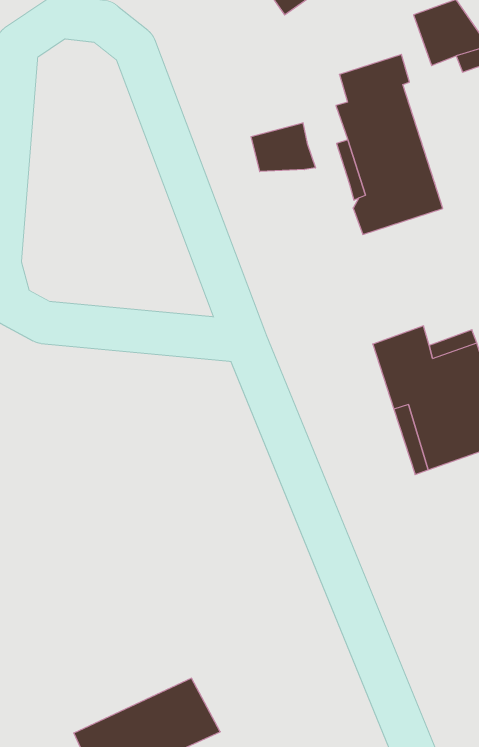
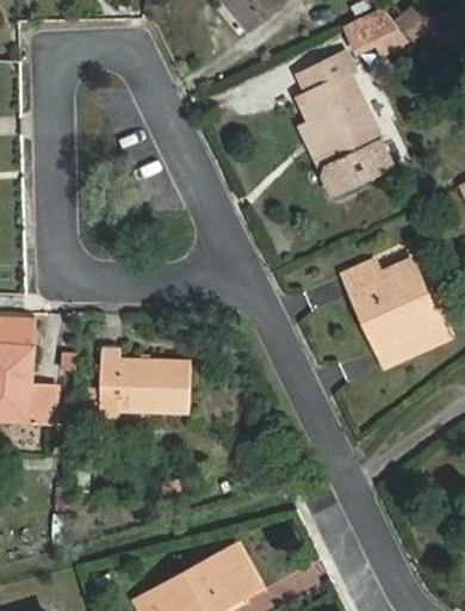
building: [251,123,315,172] -> none
building: none -> [100,348,197,418]

